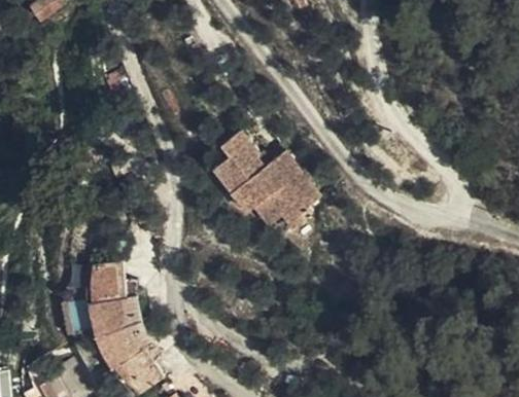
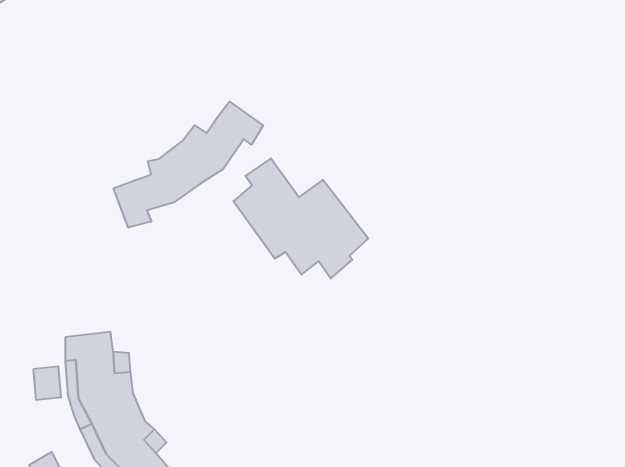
building: none -> [114,102,263,228]

